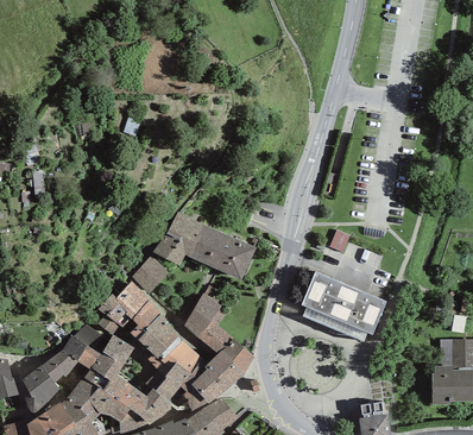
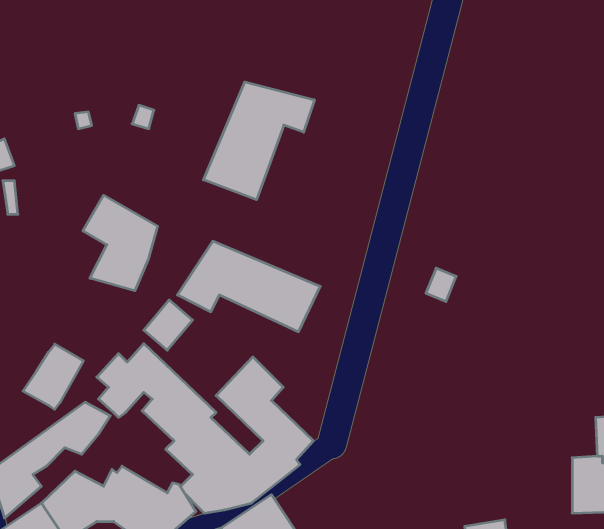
building: none -> [203,82,314,200]
building: none -> [83,195,158,291]
building: [307,277,384,338] -> none
building: [90,333,133,379] -> [23,344,83,409]

